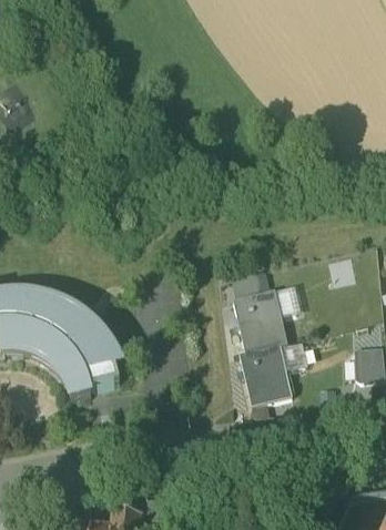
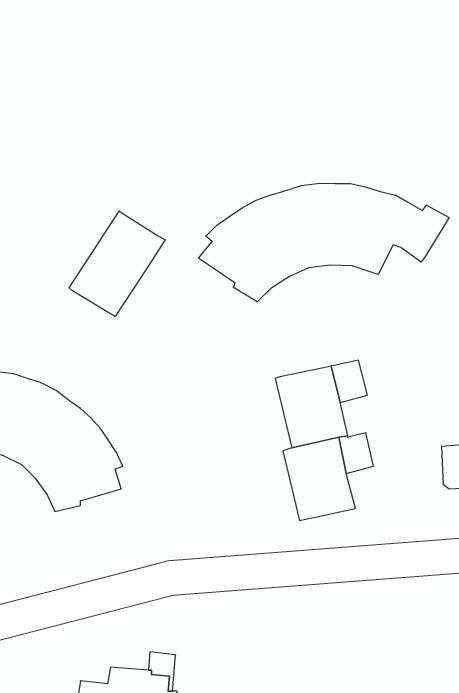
building: none -> [199,183,449,302]
building: none -> [69,211,165,316]
building: [232,268,268,295] -> none

